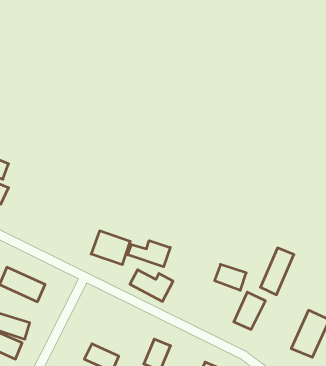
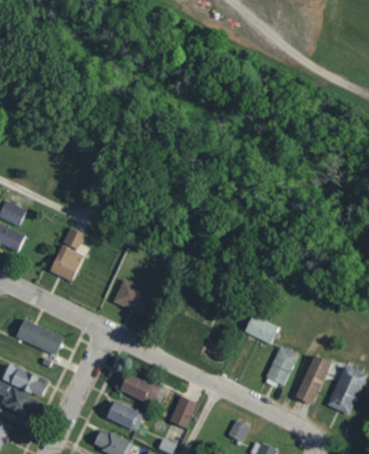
building: none -> [50,226,87,281]
building: [128,241,170,267] -> none
building: [260,248,294,295] -> [295,354,331,404]
building: [130,270,173,301] -> [114,370,160,404]

